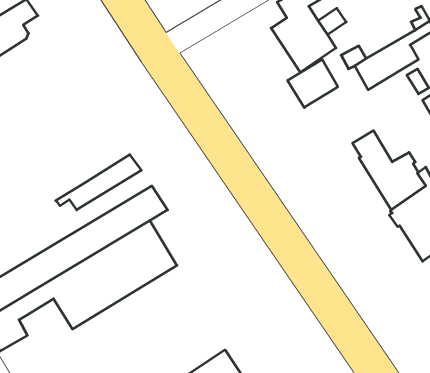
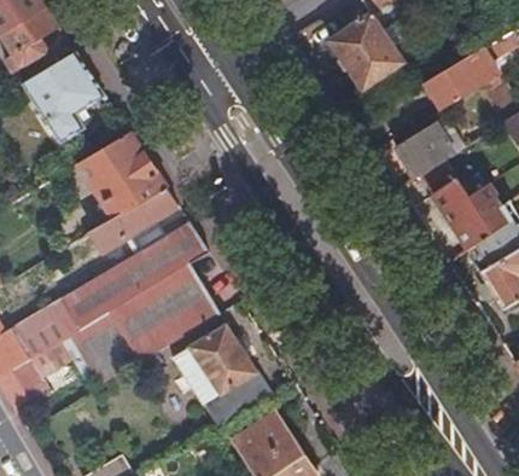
building: none -> [22,51,104,141]
building: [288,60,338,108] -> [395,122,453,178]
building: none -> [77,133,164,219]
building: none -> [174,323,272,428]

